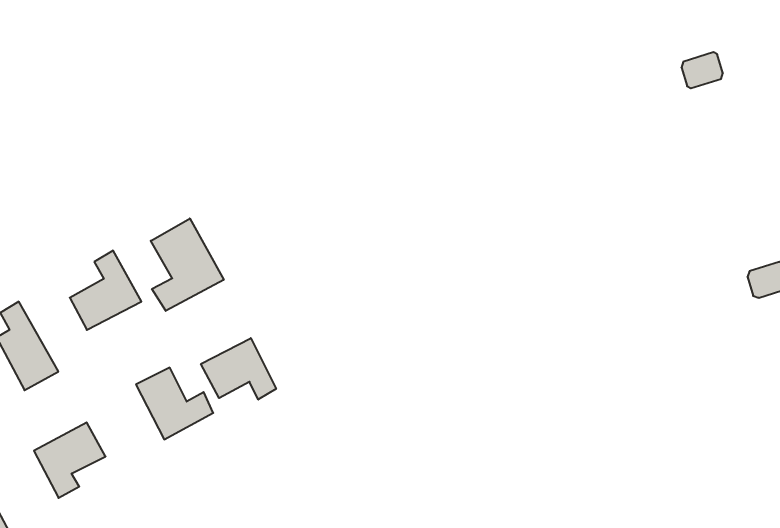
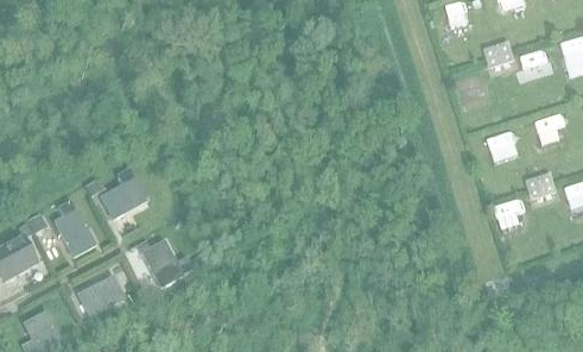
building: [151,218,224,311] -> none
building: [201,338,276,400] -> none

